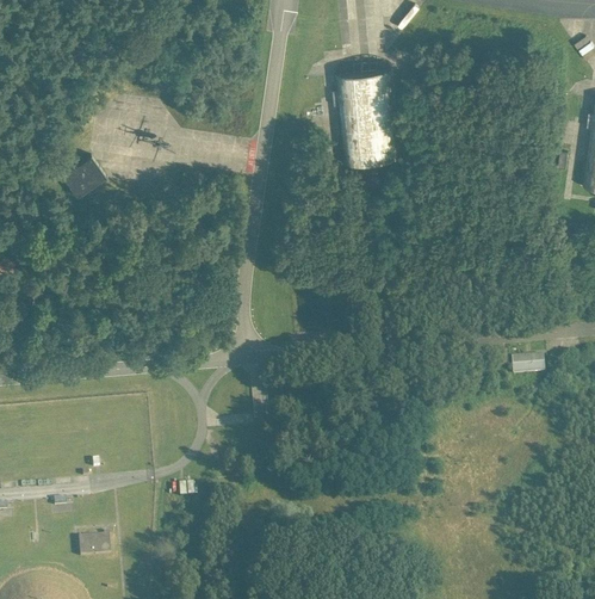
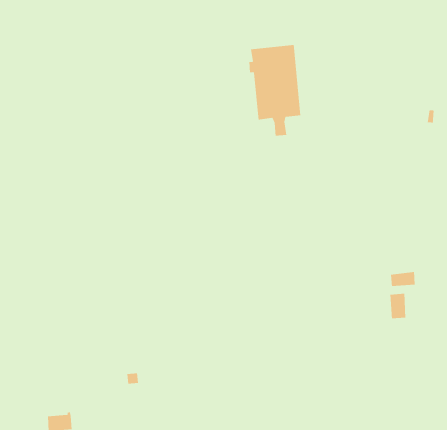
building: [63,153,109,194] -> none
building: none -> [390,293,406,319]

